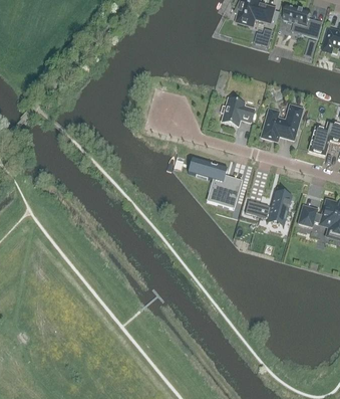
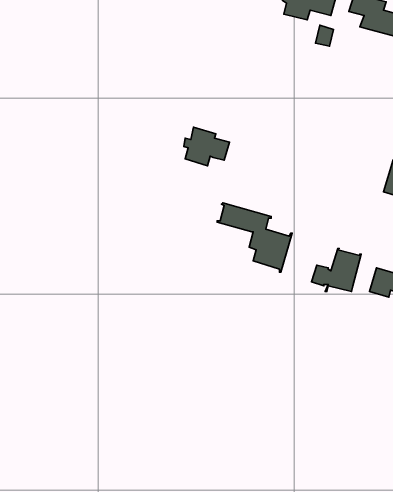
building: [221,98,254,127] -> [184,127,230,166]
building: [261,106,303,142] -> none

